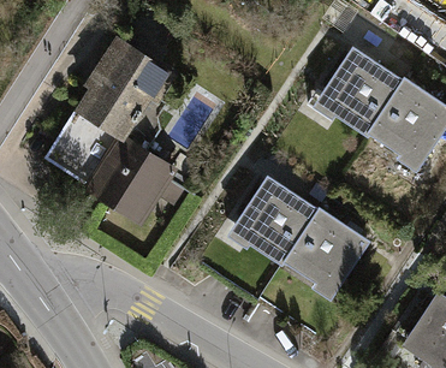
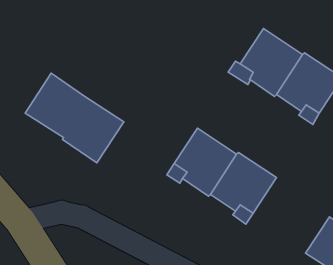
building: [82,41,172,136] -> none

